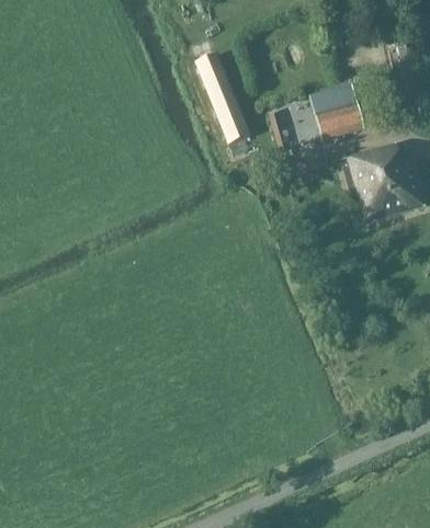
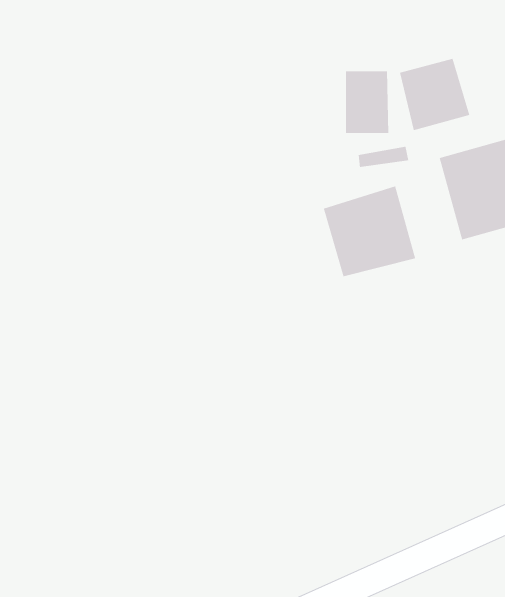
building: [195,54,250,144] -> none
building: none -> [323,186,416,277]

